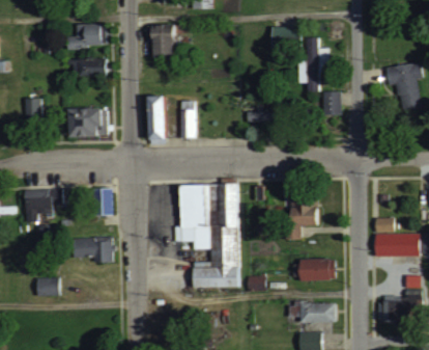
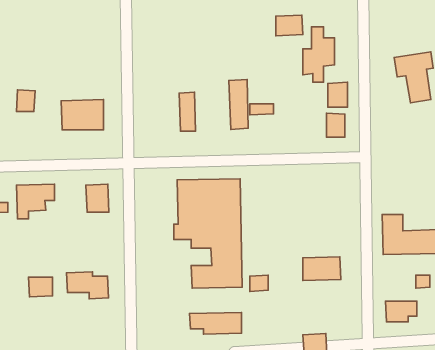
building: [66,22,107,50] -> none
building: [150,24,174,56] -> none
building: [73,58,107,76] -> none
building: [146,95,165,142] -> [229,80,248,129]
building: none -> [327,113,345,137]
building: [287,197,316,239] -> none
building: [73,237,113,263] -> [66,272,109,299]
building: [286,302,336,323] -> [189,313,242,334]

